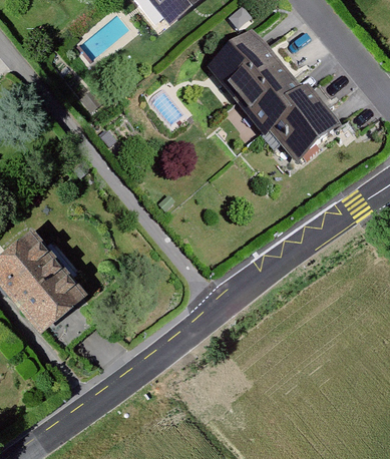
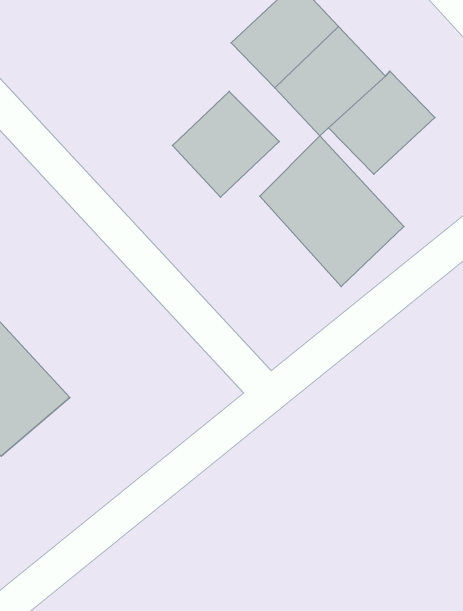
building: none -> [173,92,279,197]
building: none -> [260,136,404,287]

